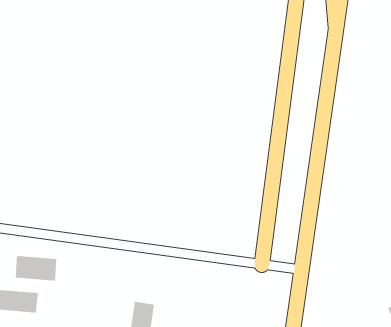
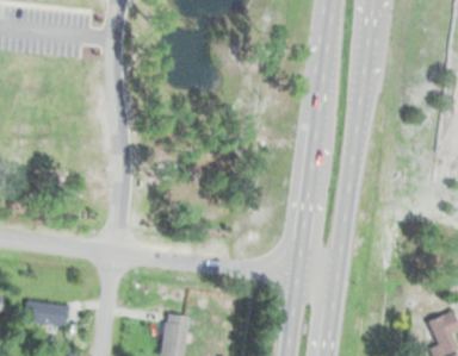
building: [15,255,57,281] -> none

